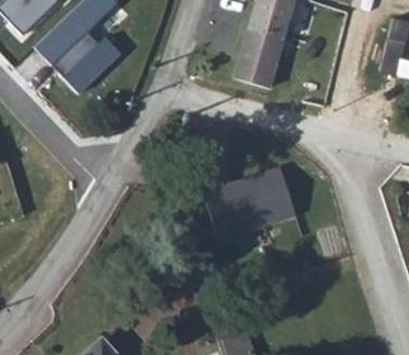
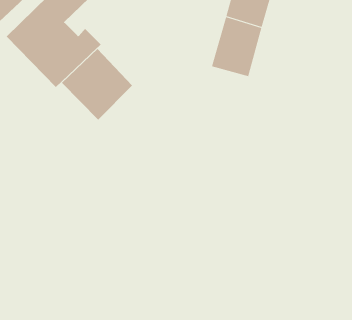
building: none -> [61,48,133,121]
building: [205,166,299,240] -> none

